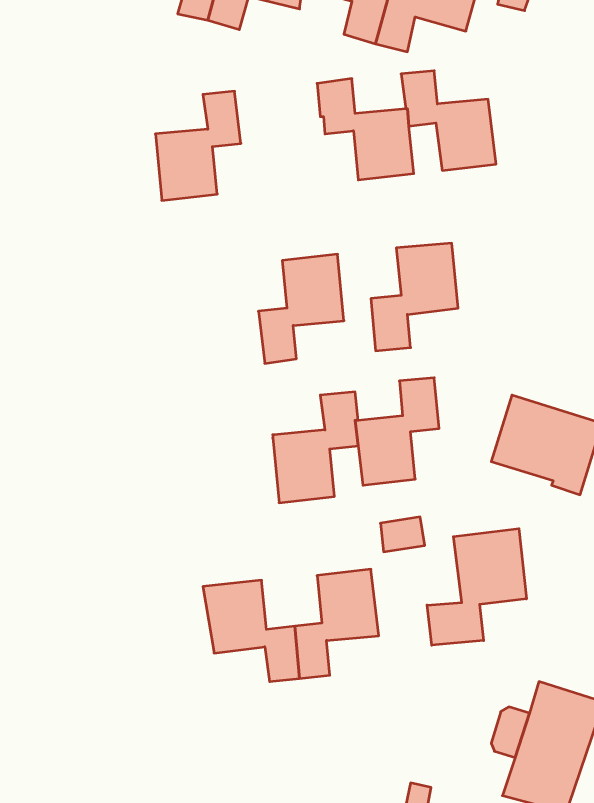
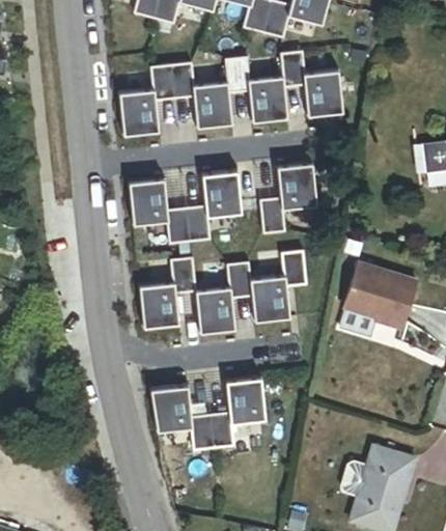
building: none -> [172,61,234,127]
building: none -> [130,177,192,244]
building: none -> [140,256,198,328]
building: [427,529,526,645] -> none

